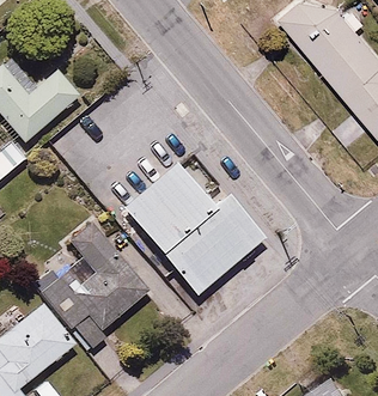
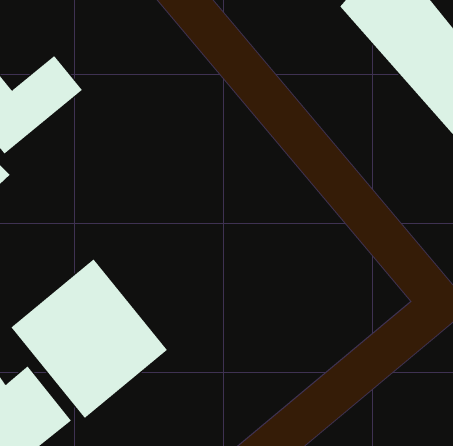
building: [120,166,263,300] -> none

